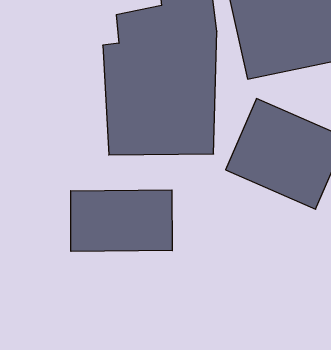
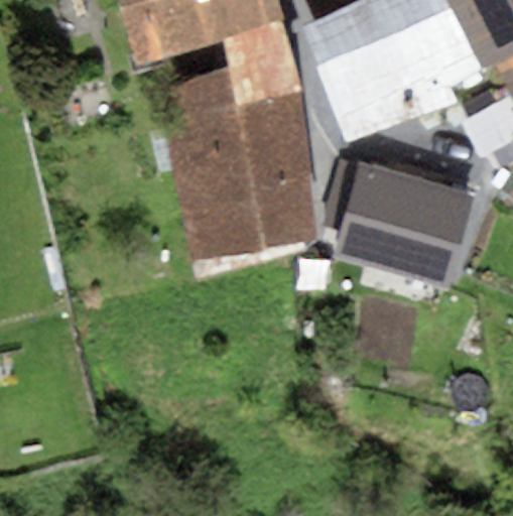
building: [71,190,172,251] -> none

